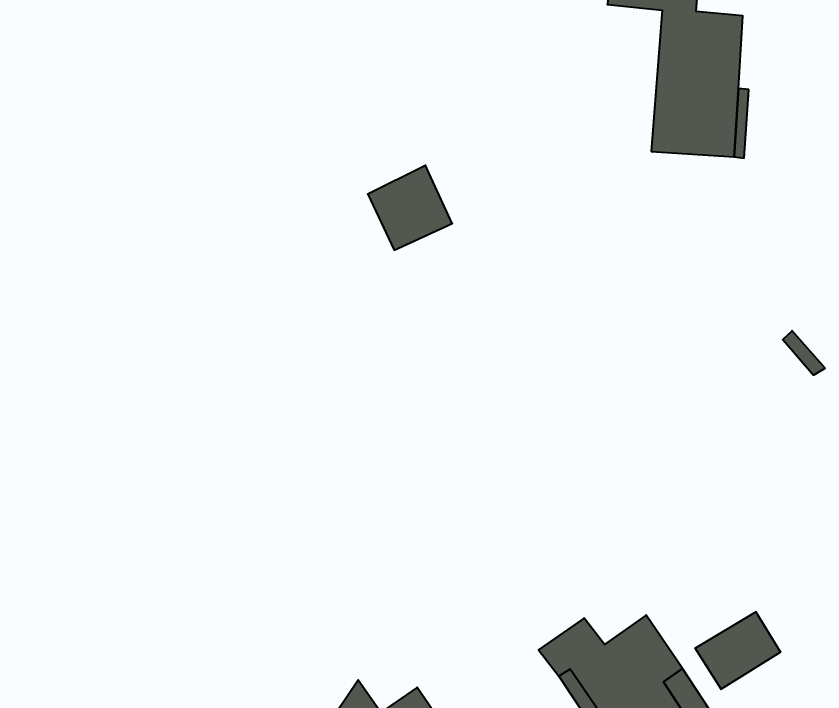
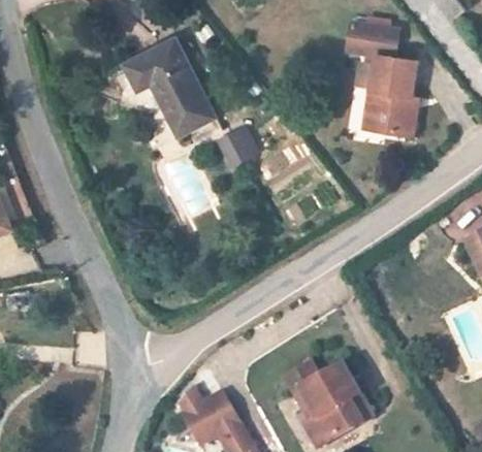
building: none -> [124,38,214,135]
building: [695,612,780,689] -> none

